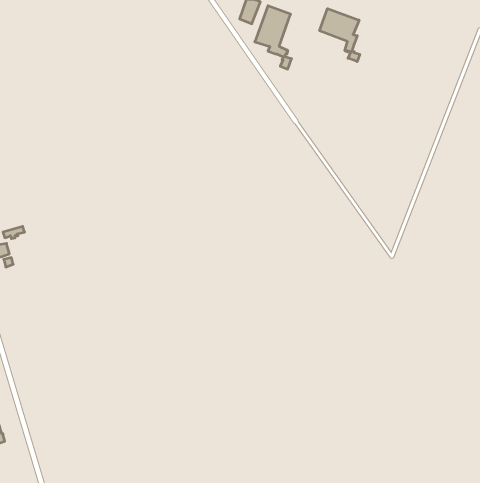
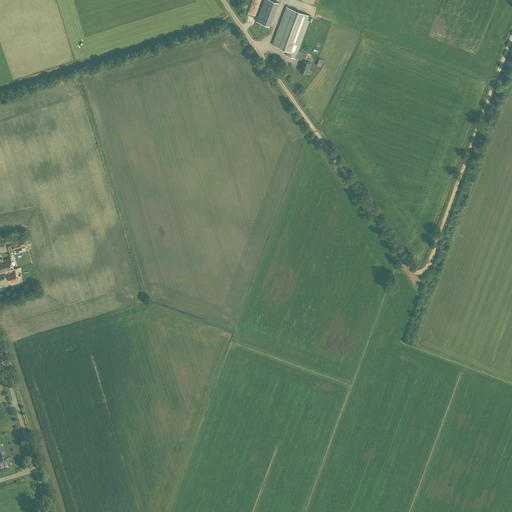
building: [320,9,360,62] -> none

